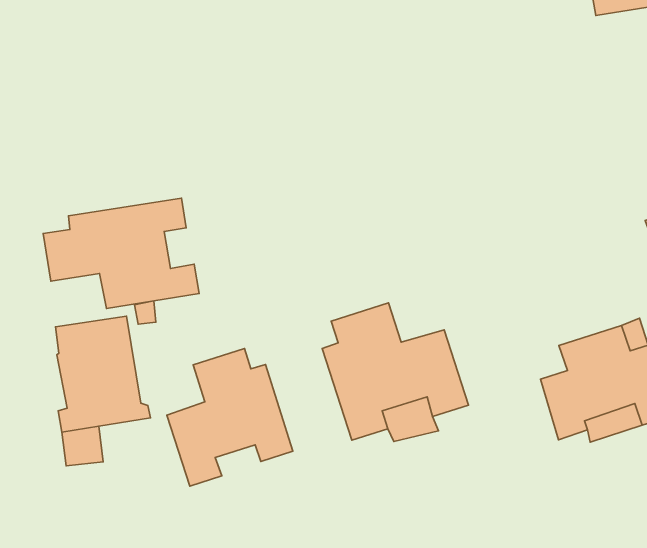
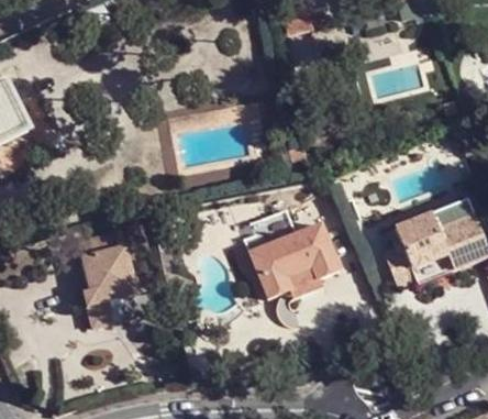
building: [43,198,199,308] -> none
building: [167,348,293,486] -> none

